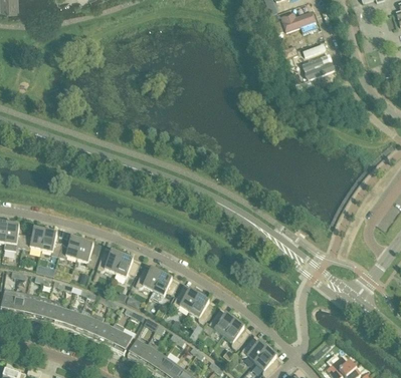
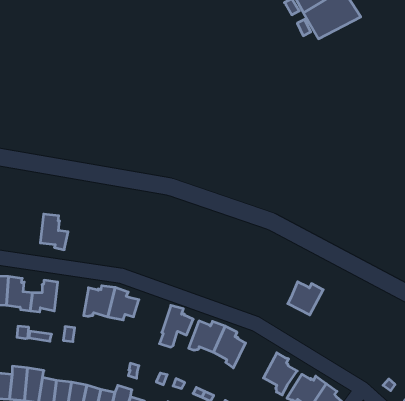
building: [76,238,98,267] -> [40,214,68,250]
building: [136,263,164,288] -> none
building: [209,308,237,334] -> [288,282,323,315]

